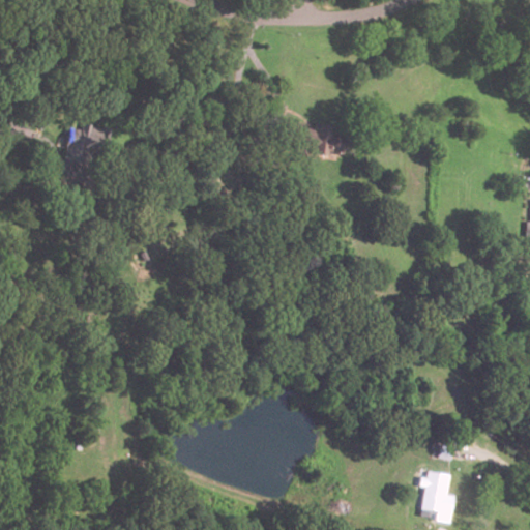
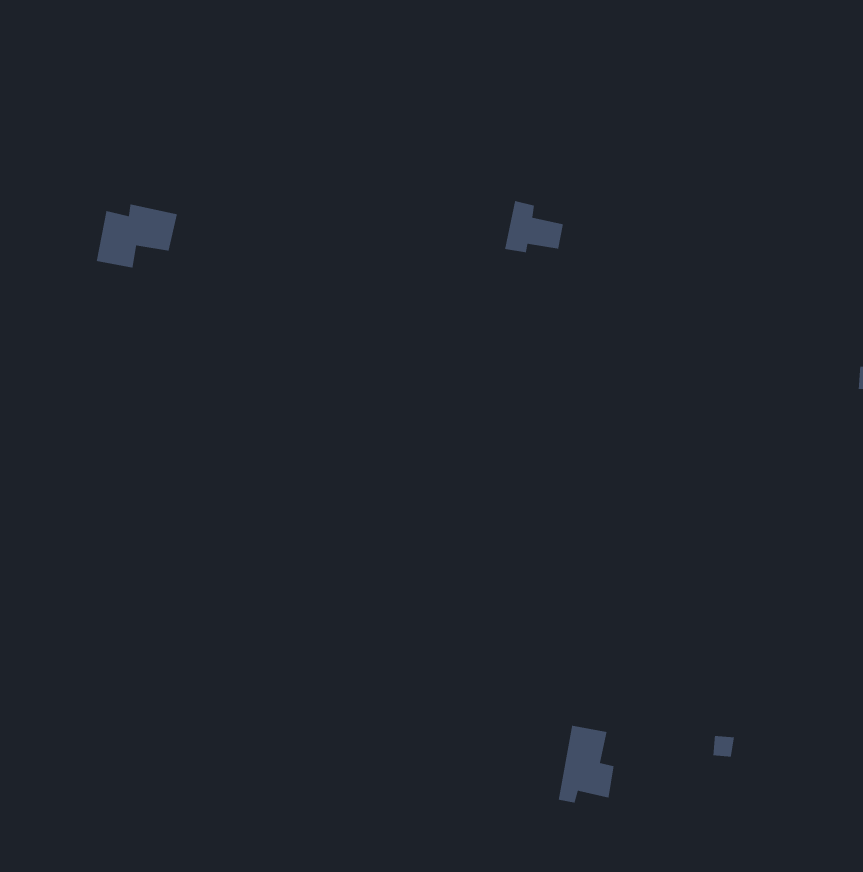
building: [419,471,453,519] -> [558,725,614,803]

